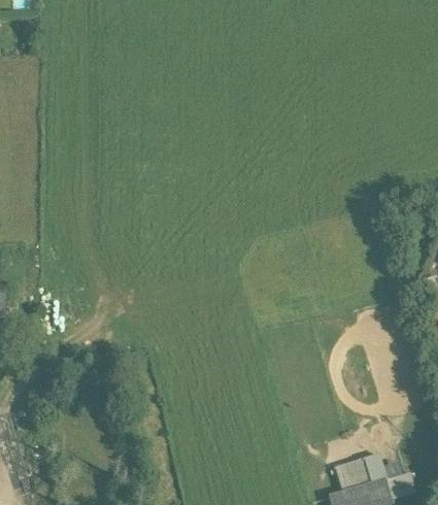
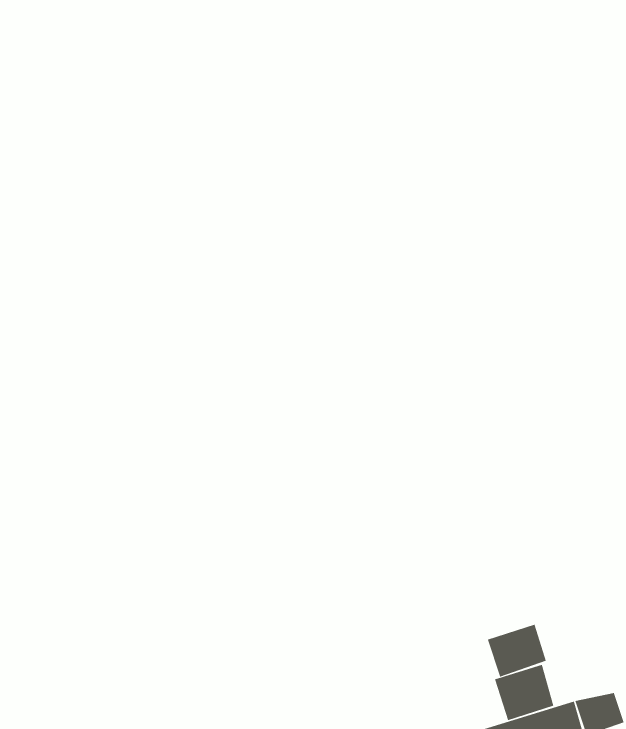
building: none -> [487,624,547,677]

